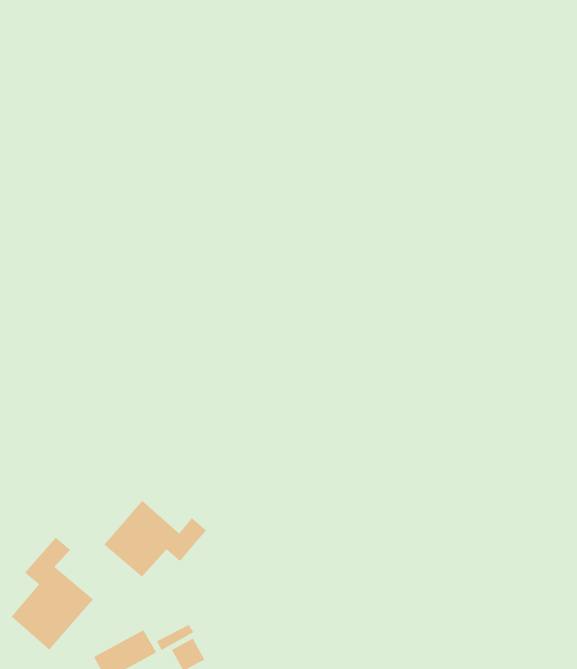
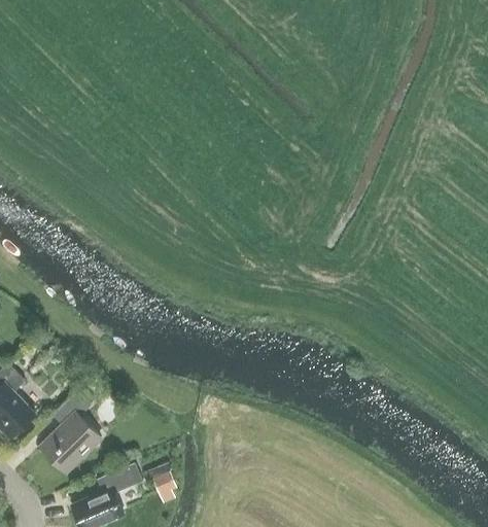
building: [103,500,207,578] -> none

